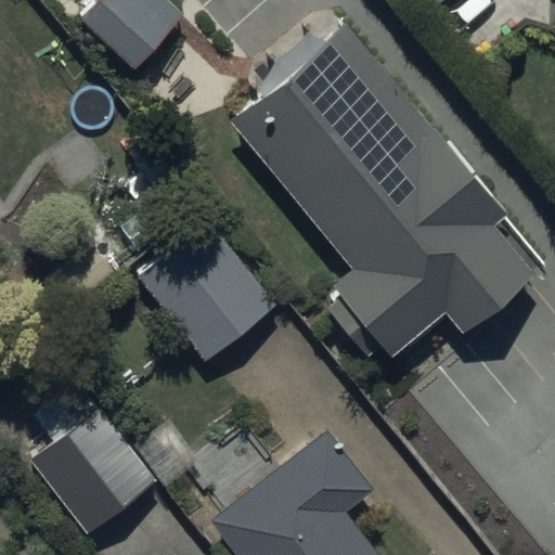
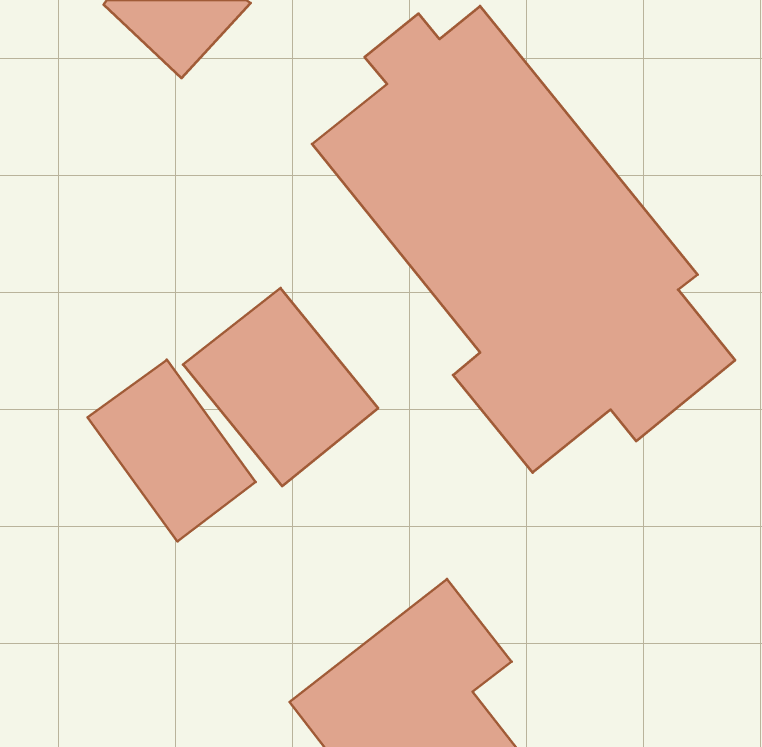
building: none -> [88,360,256,541]
building: [29,386,152,537] -> none

